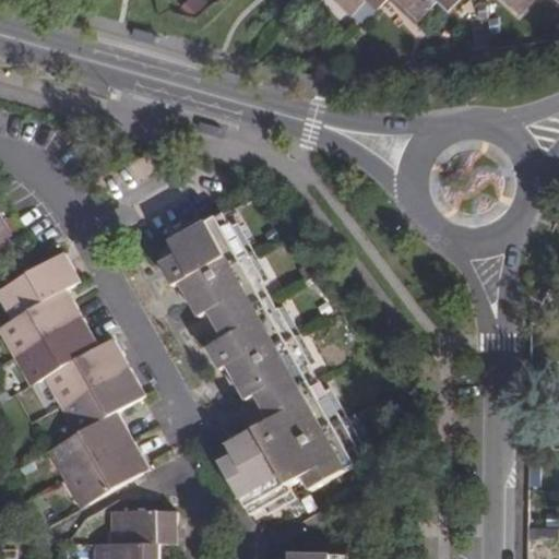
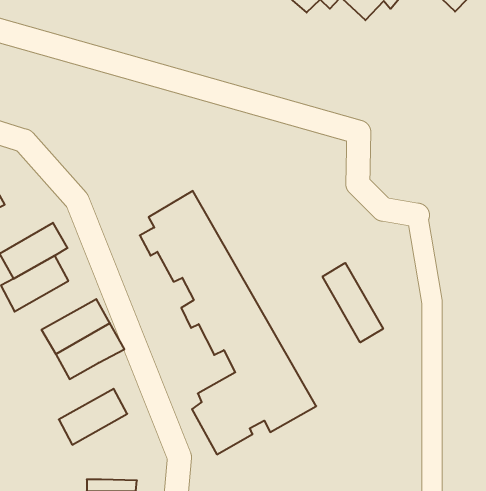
building: none -> [323,263,383,342]
building: [16,318,94,380] -> none
building: [50,411,129,475] -> none
building: [115,511,171,544] -> none

